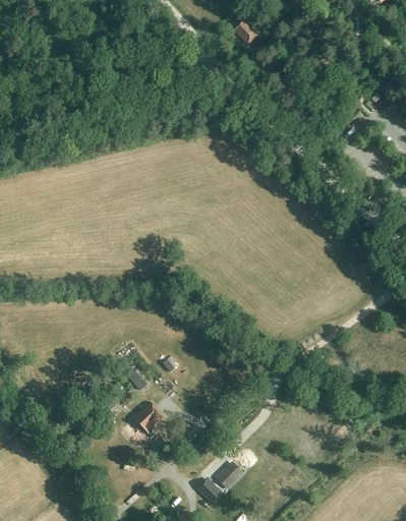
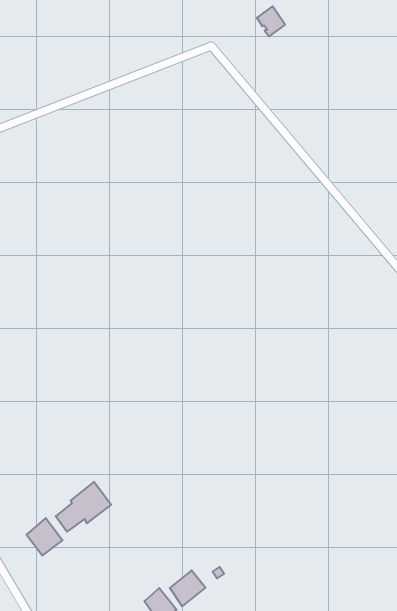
building: none -> [27,518,63,555]

